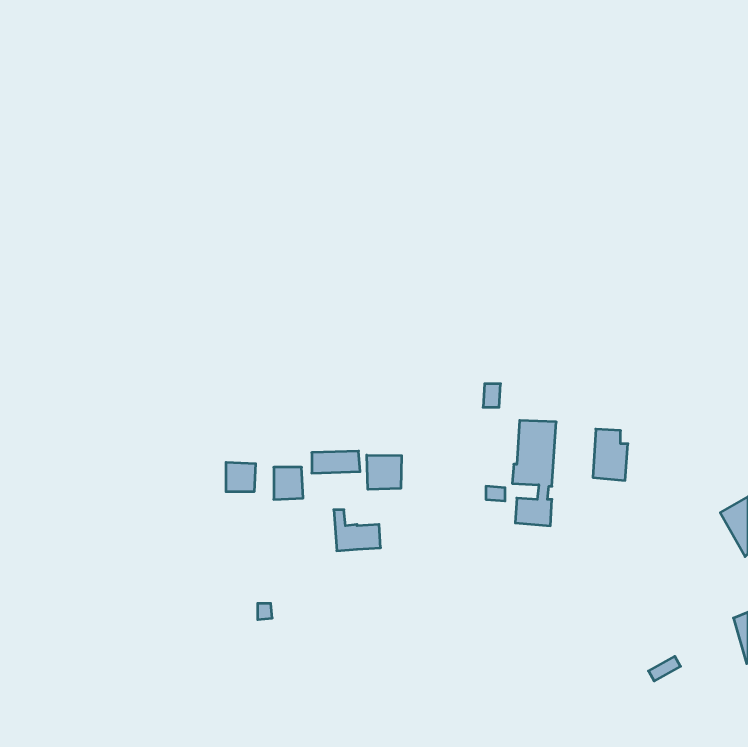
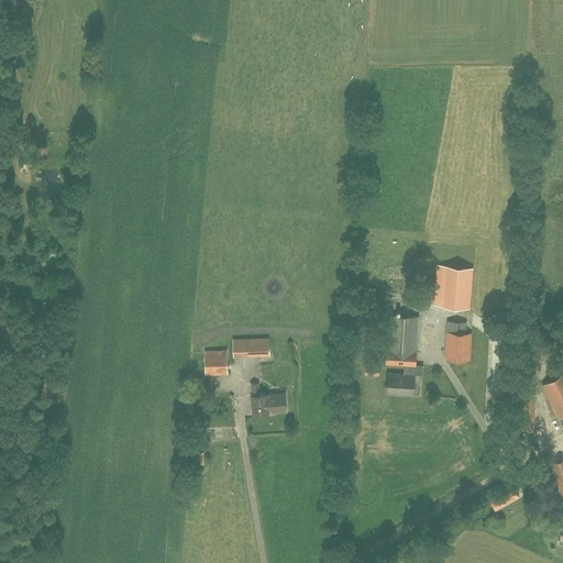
building: none -> [433,266,474,310]
building: [367,455,402,489] -> none
building: [226,462,256,492] -> none

